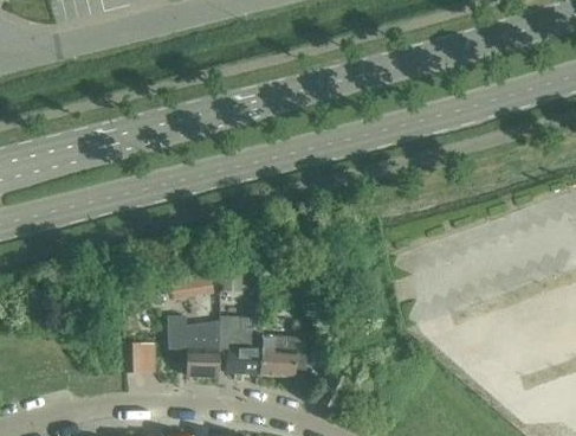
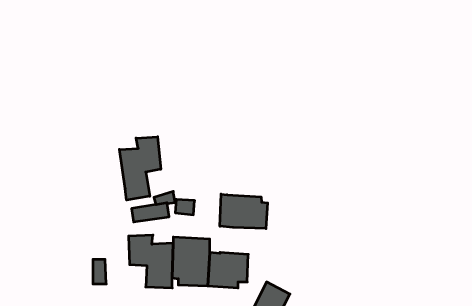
building: none -> [119,137,161,200]
building: none -> [220,194,268,229]

